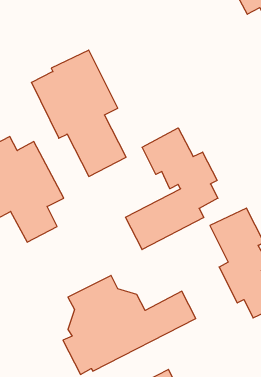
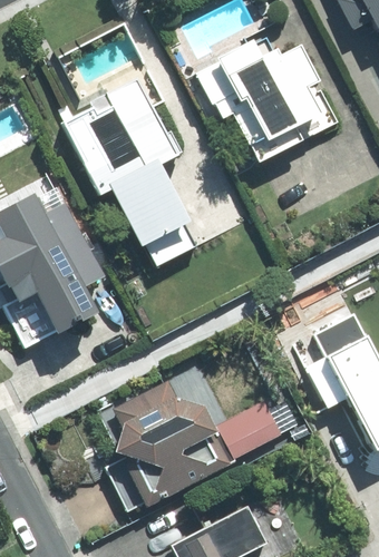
building: none -> [196,39,330,164]
building: [126,128,218,250] -> none

